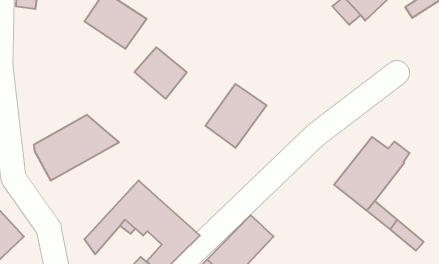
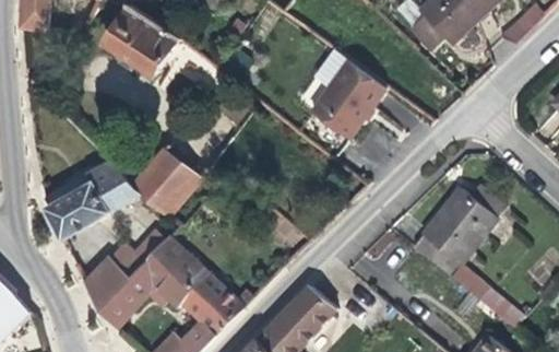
building: [134,47,187,99] -> [132,151,197,214]
building: [205,84,267,148] -> [312,62,388,141]
building: none -> [84,233,171,314]

